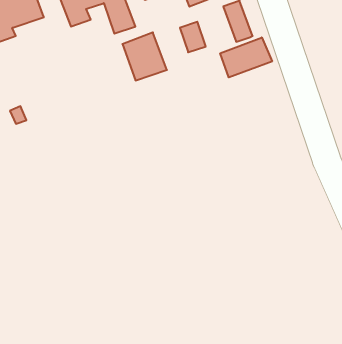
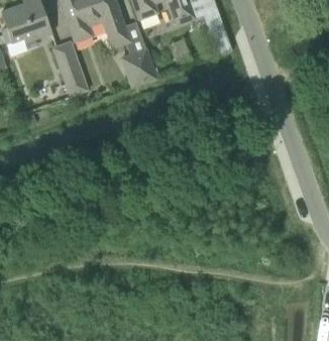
building: none -> [54,40,88,95]
building: [220,37,272,77] -> none

